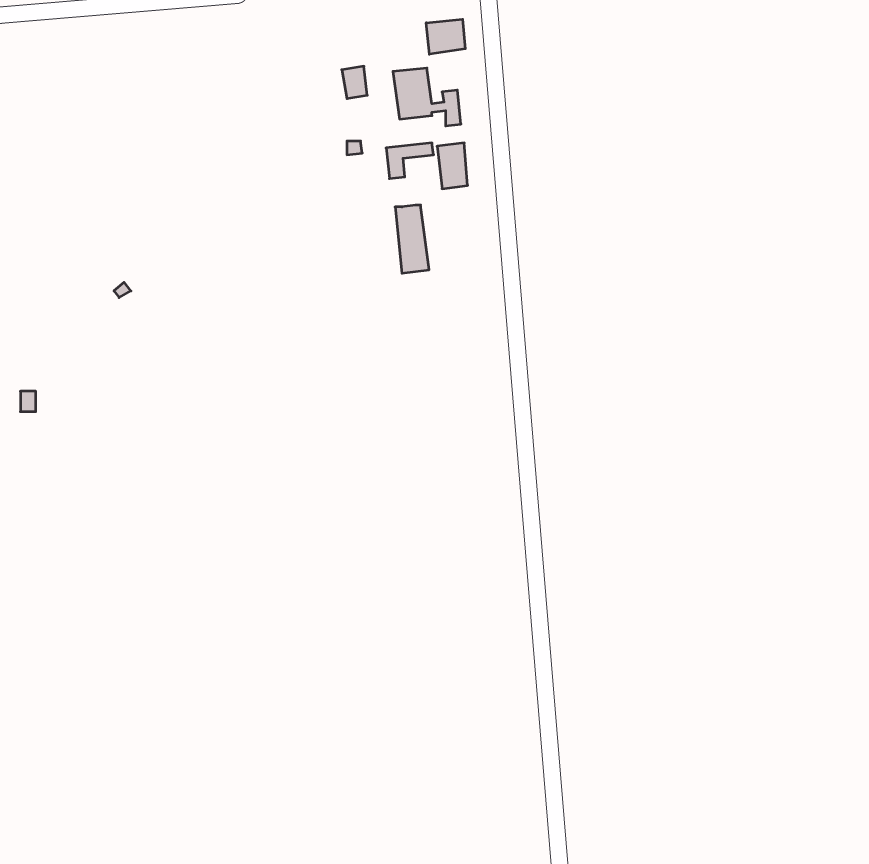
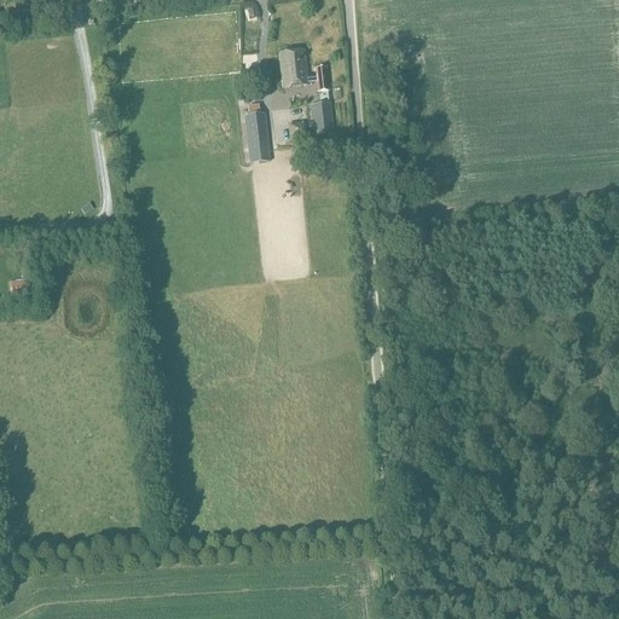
building: [426,19,465,54] -> none
building: [395,205,429,273] -> [245,112,270,161]

